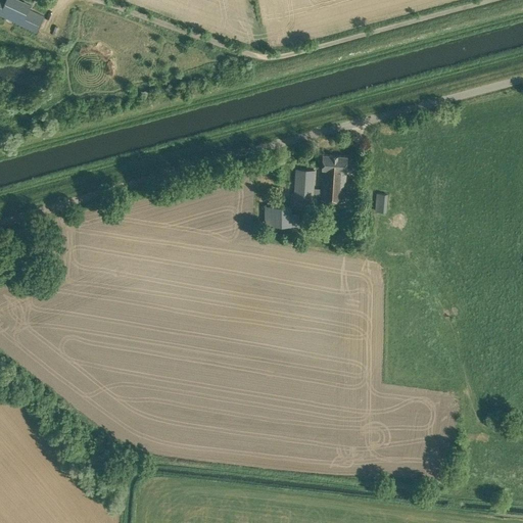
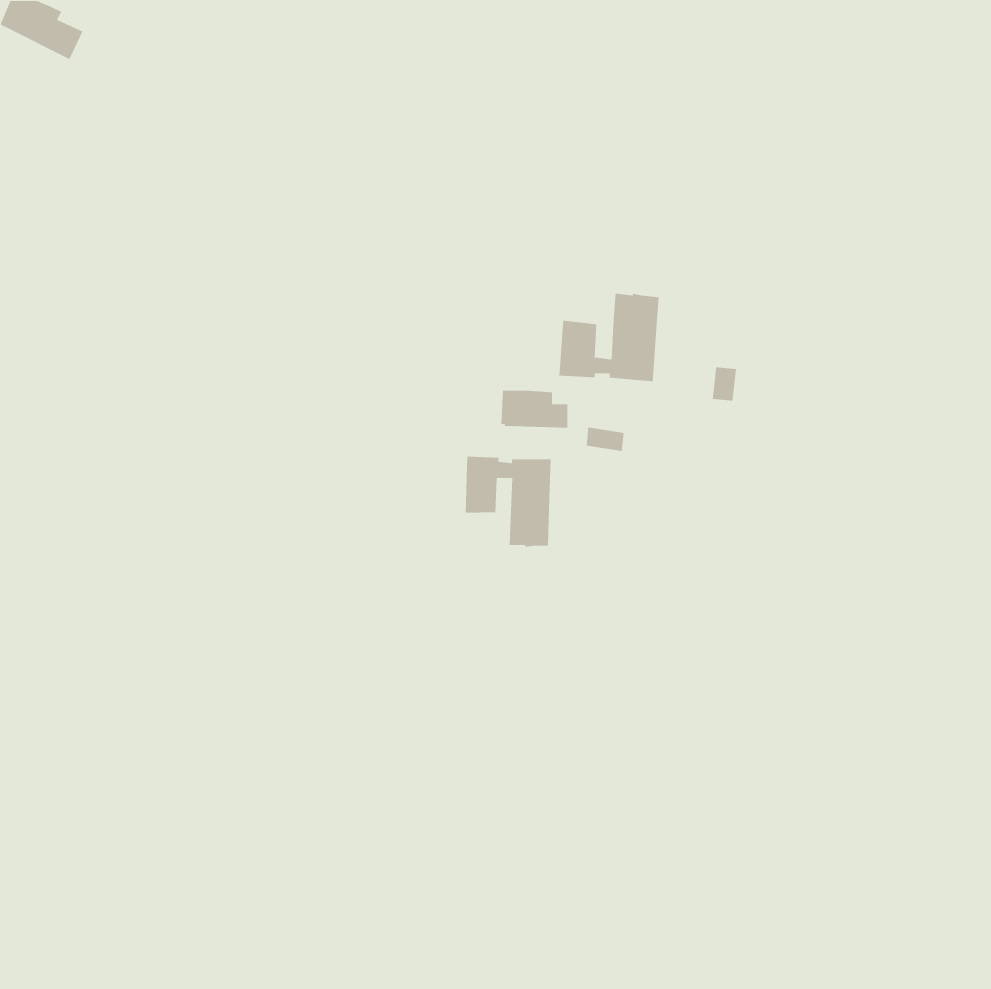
building: none -> [465,456,551,548]

